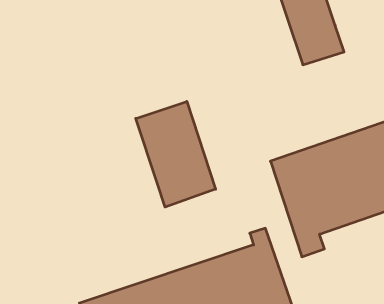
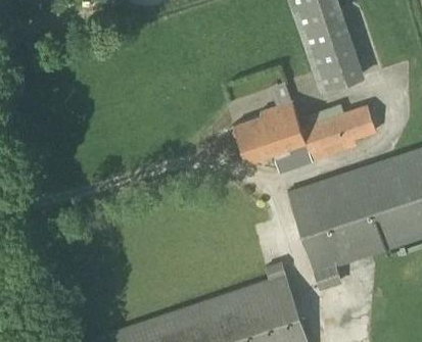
building: none -> [233,83,376,164]
building: [136,101,216,207] -> none

